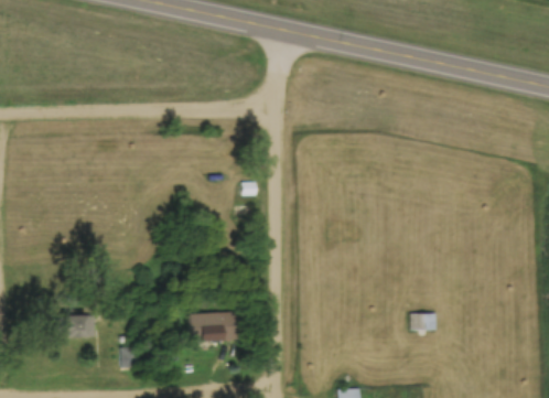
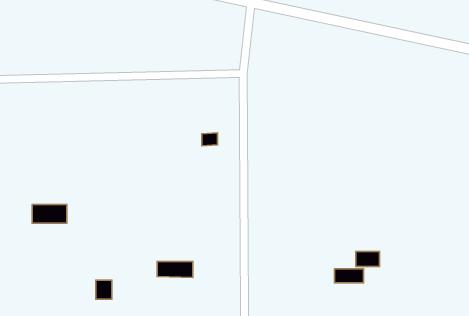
building: [60,315,98,336] -> [32,204,67,223]
building: none -> [334,269,364,283]

